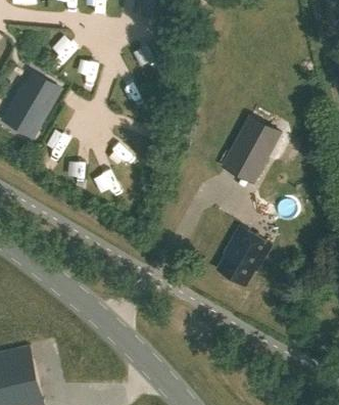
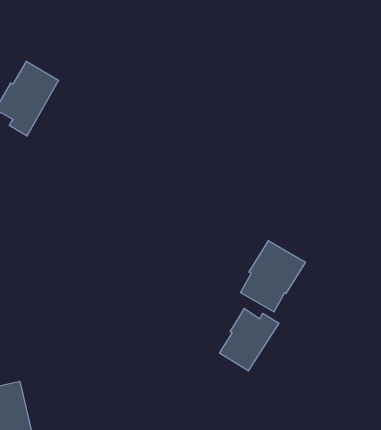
building: [223,117,280,183] -> none
building: none -> [220,308,279,371]

